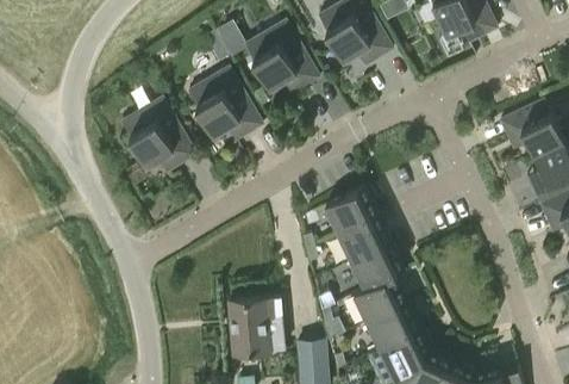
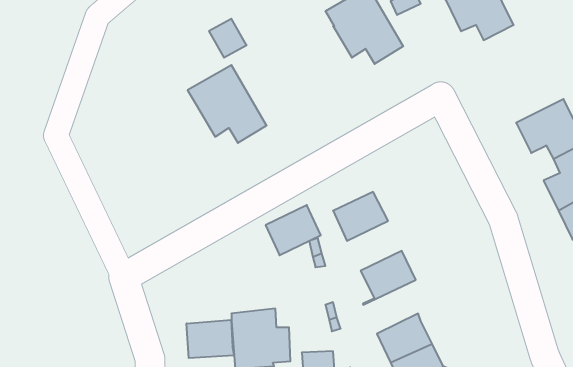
building: [244,20,319,94] -> none
building: [120,98,195,172] -> none
building: [338,215,390,262] -> [266,205,321,255]
building: [354,271,406,322] -> none
building: none -> [187,320,234,358]

